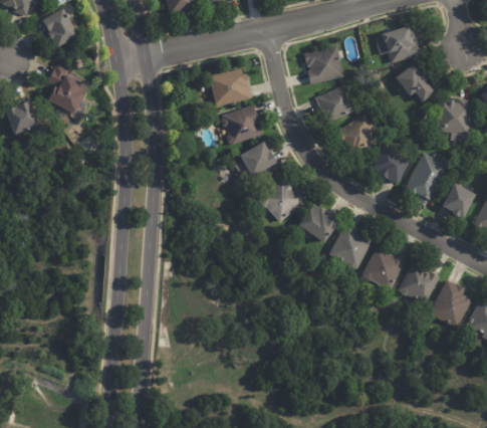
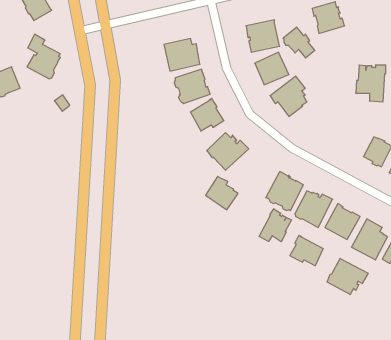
building: [397,64,434,100] -> [283,27,315,58]
building: [373,143,410,186] -> none
building: [405,153,448,200] -> none
building: [298,204,336,243] -> [206,176,238,210]
building: none -> [259,209,291,242]
building: none -> [290,235,323,266]
building: none -> [327,258,368,295]

